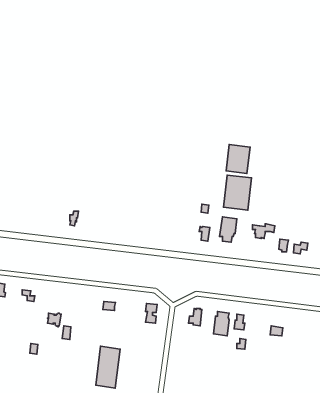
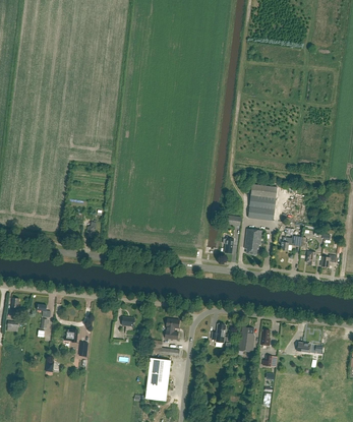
building: [226,145,250,173] -> none
building: [96,346,120,388] -> [145,357,171,401]

